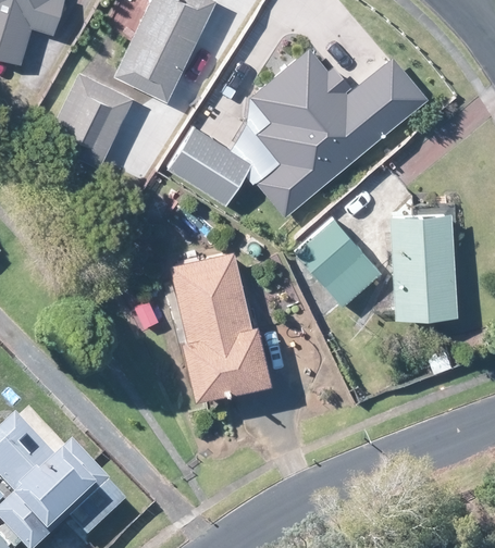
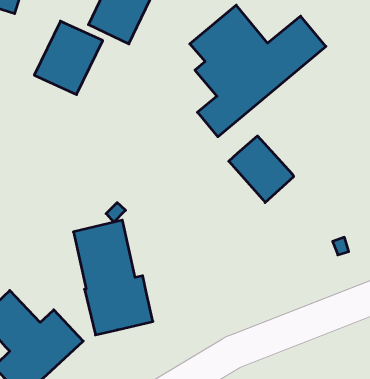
building: [169,128,251,204] -> none
building: [389,214,458,317] -> none
building: [171,250,273,398] -> [73,220,153,335]

